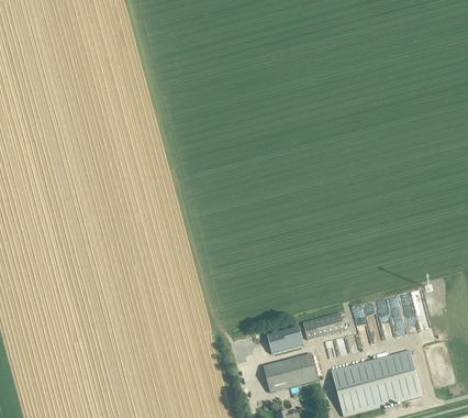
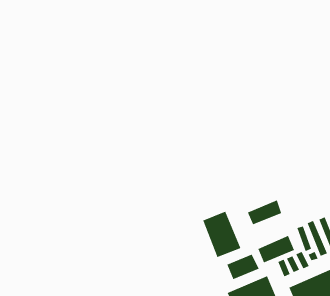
building: none -> [247,200,282,225]
building: none -> [203,211,241,258]

